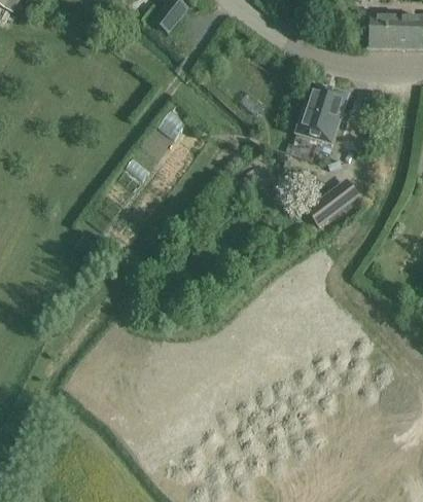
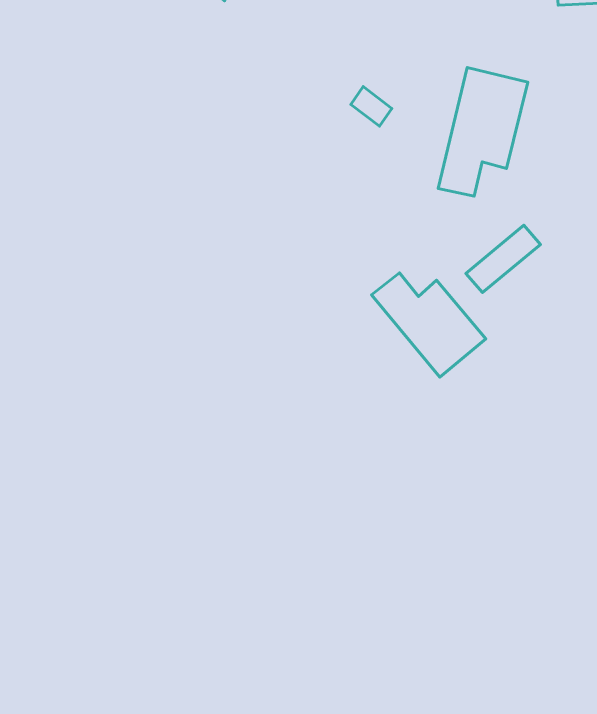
building: none -> [371,273,486,377]

